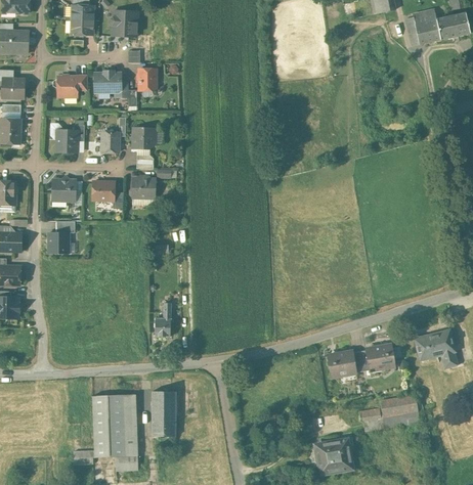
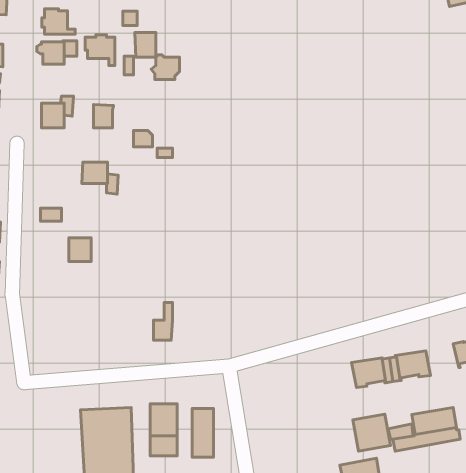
building: none -> [42,9,75,34]
building: [130,126,155,147] -> [151,55,180,80]
building: [130,176,158,196] -> none
building: [52,177,76,200] -> none
building: [49,232,69,253] -> [69,238,91,262]
building: none -> [192,408,213,457]
building: none -> [353,414,391,451]

